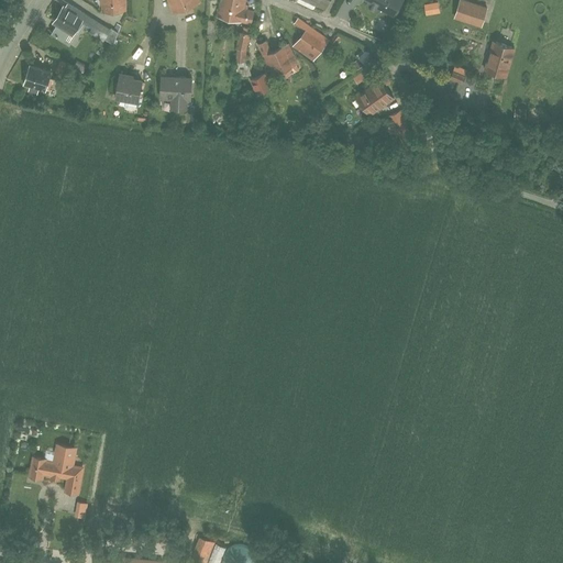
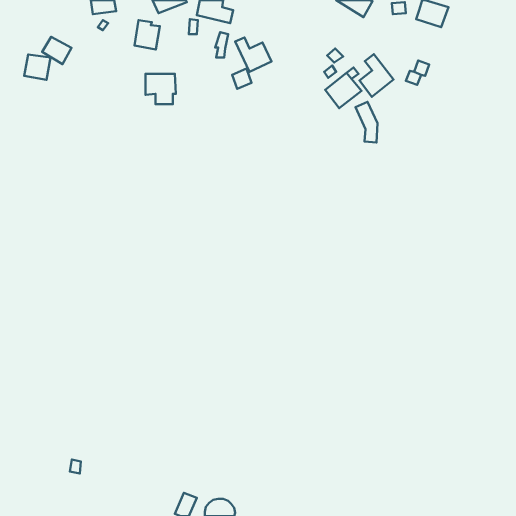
building: [54,7,86,36] -> [42,37,71,64]
building: [292,19,329,63] -> none
building: [484,41,516,77] -> none
building: none -> [359,54,393,97]
building: [114,76,142,108] -> [135,20,160,50]
building: [29,441,84,493] -> none

